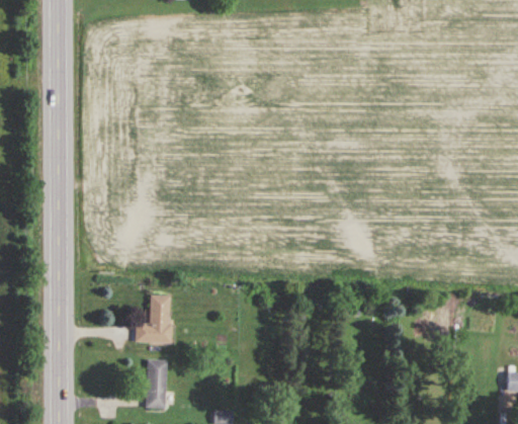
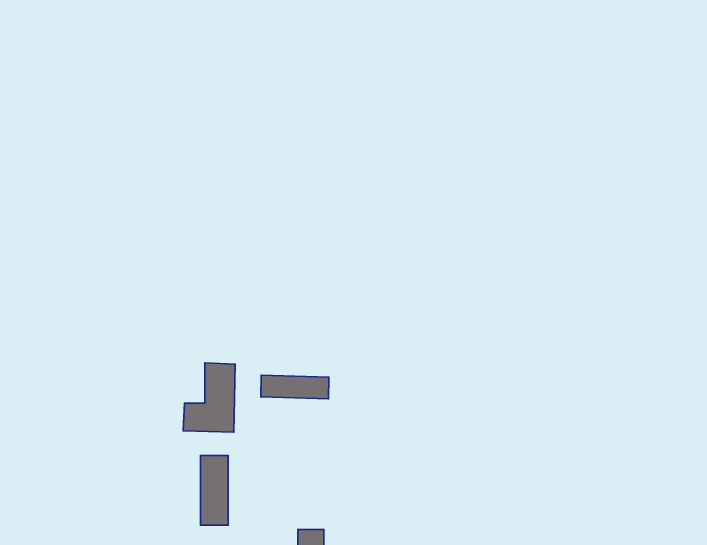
building: none -> [261,375,329,399]

